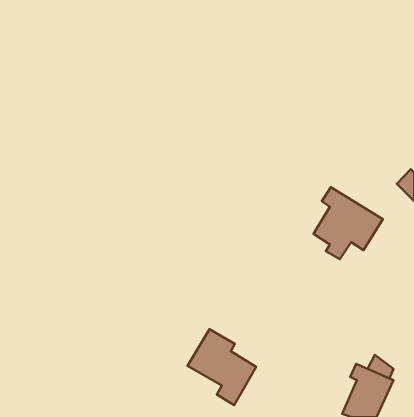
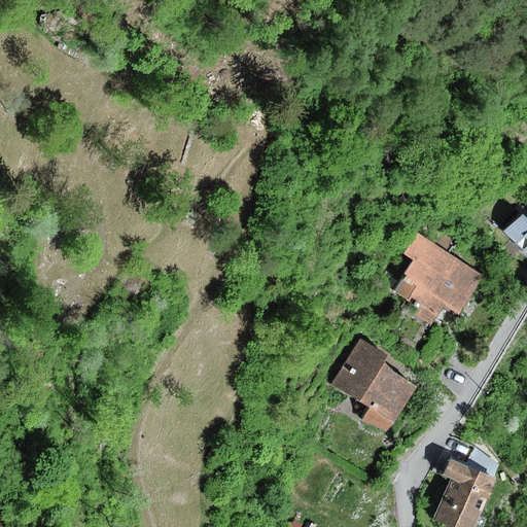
building: [187,329,256,405] -> [329,338,416,433]

